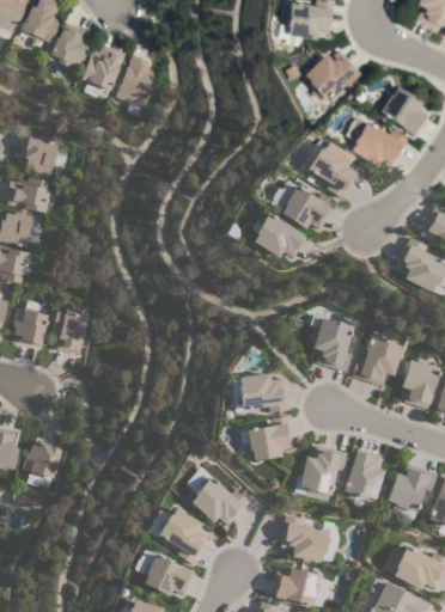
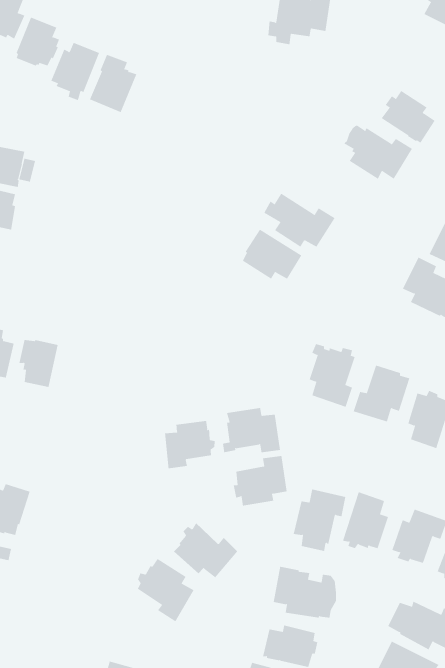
building: [301,50,360,100] -> none
building: [306,141,359,198] -> none
building: none -> [165,420,215,469]
building: [141,553,194,595] -> none

